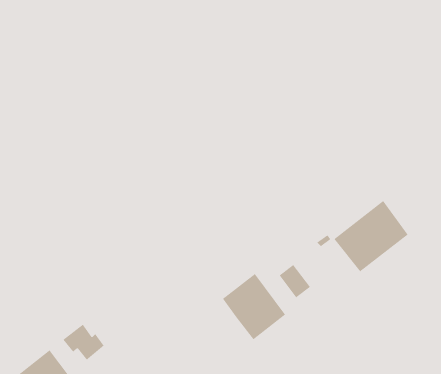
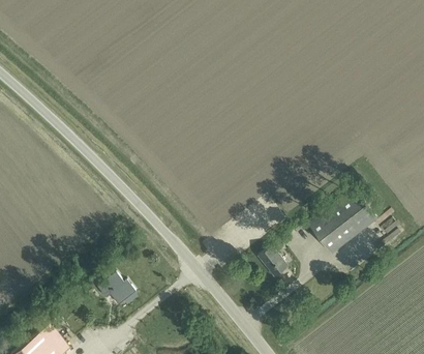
building: [222,273,286,340] -> none
building: [63,324,105,360] -> [96,272,134,305]

